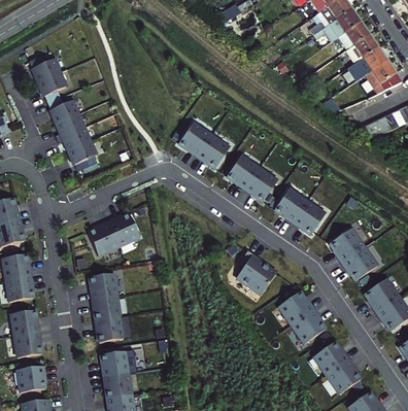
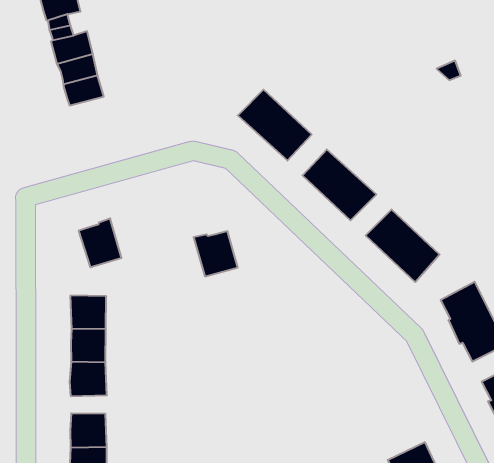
building: [69,142,102,178] -> none
building: [107,214,139,246] -> [194,231,238,276]
building: [238,248,278,293] -> none
building: [280,290,327,342] -> none

